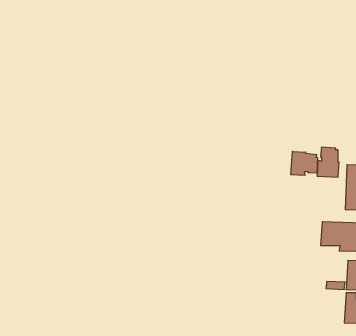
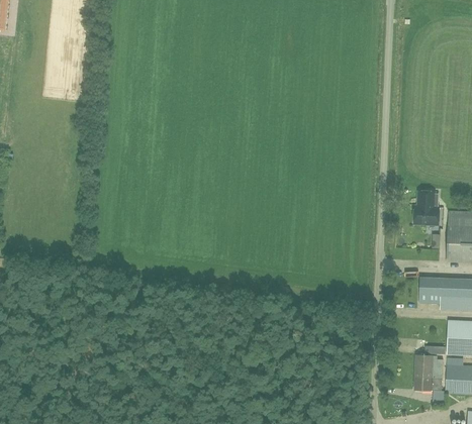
building: [291,151,318,175] -> none
building: none -> [414,354,442,390]

